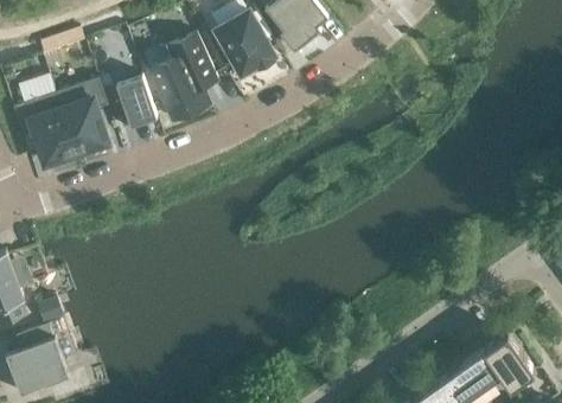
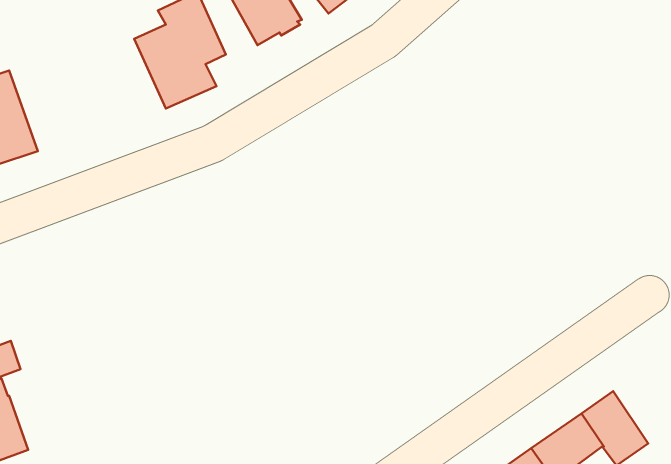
building: [115,77,157,129] -> none
building: [56,79,108,154] -> none

